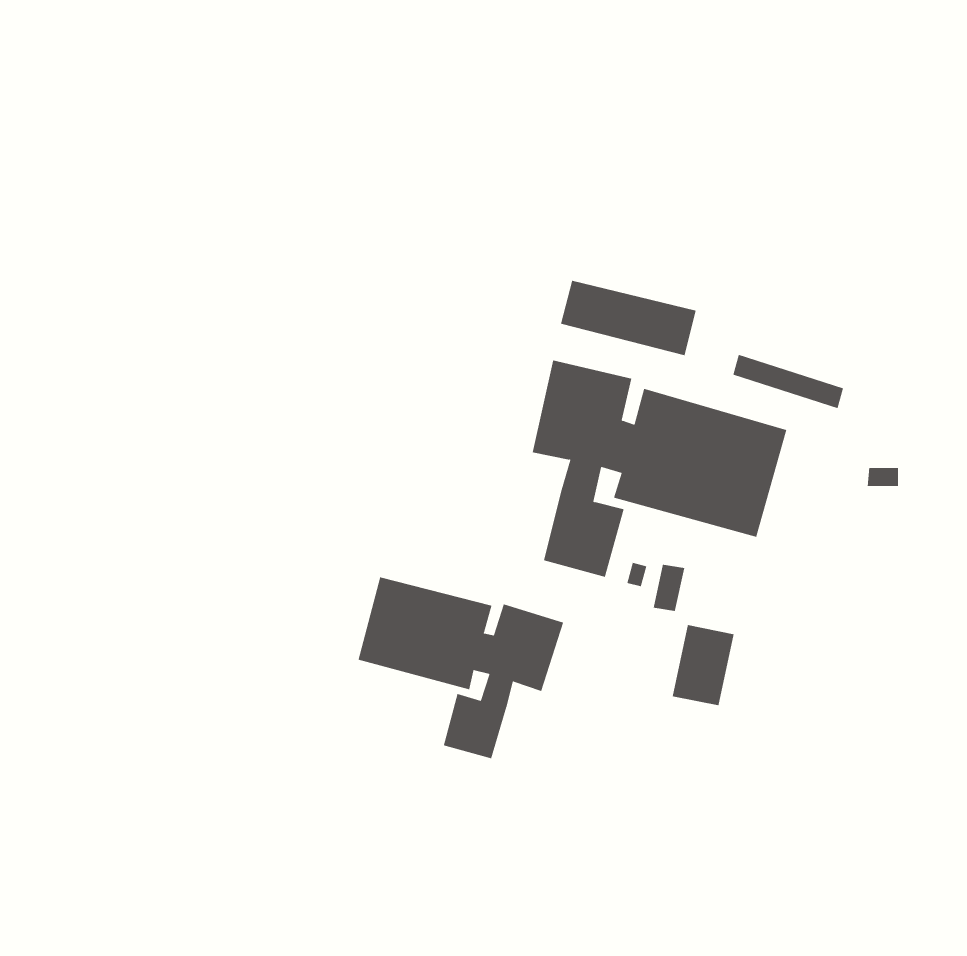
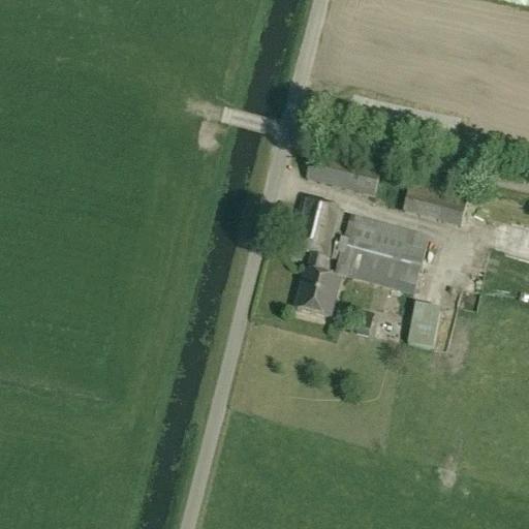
building: [358,576,564,759] -> none
building: [672,625,734,706] -> [407,302,441,346]

